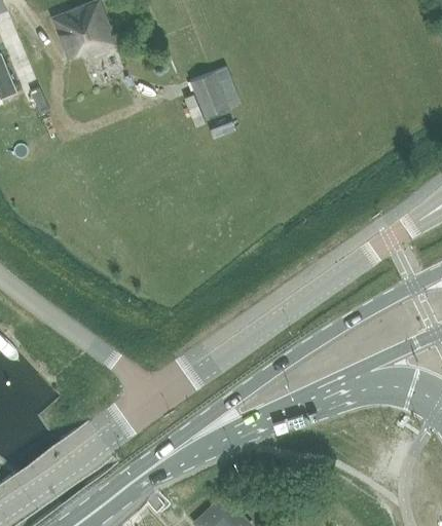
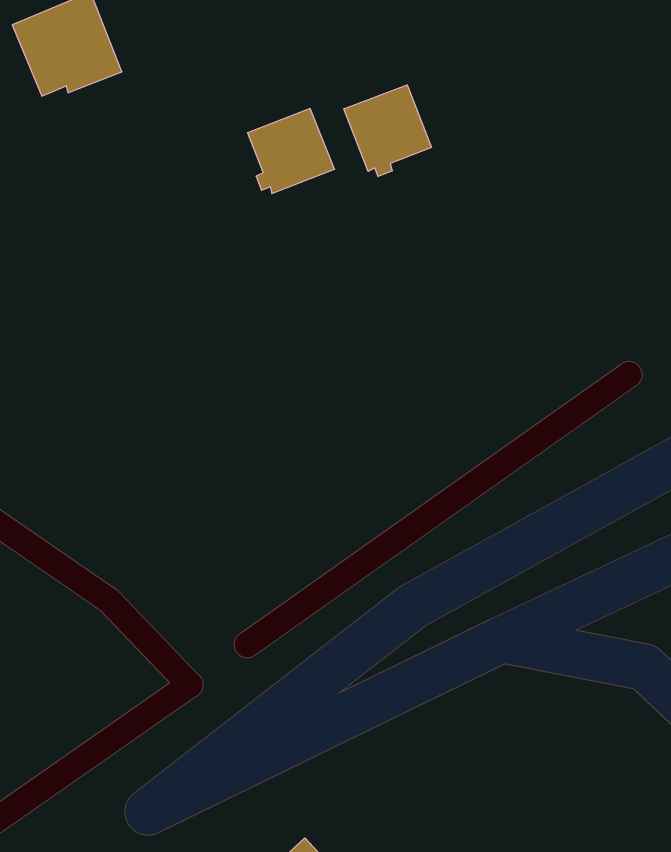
building: none -> [344,85,432,177]

